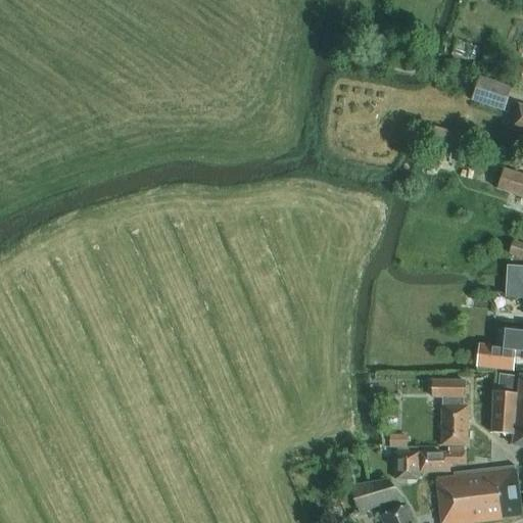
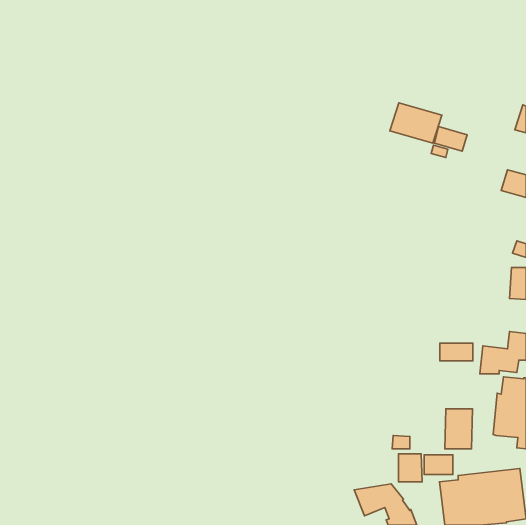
building: [472,76,511,110] -> none
building: none -> [390,103,442,143]
building: [431,379,464,396] -> [440,343,473,361]

